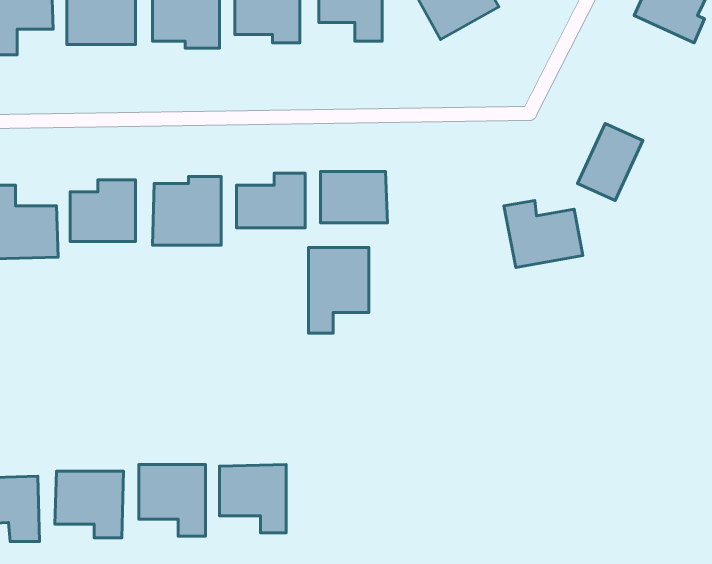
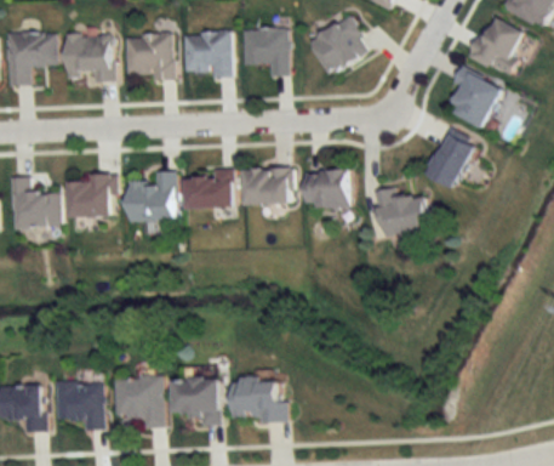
building: none -> [447,67,502,129]
building: none -> [305,170,349,209]
building: [309,247,369,333] -> none
building: none -> [232,376,289,419]

